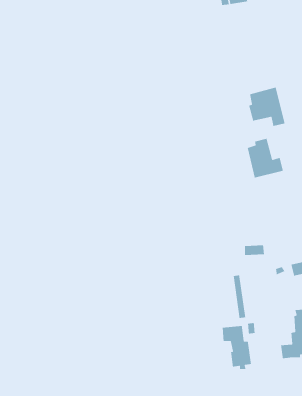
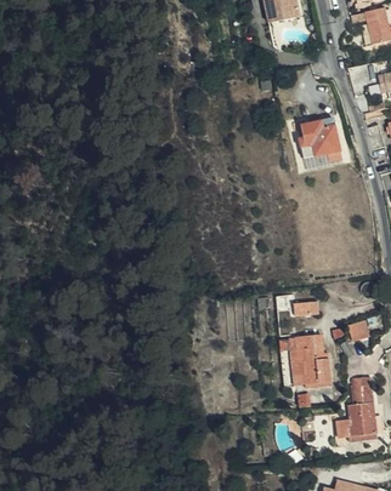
building: [247,138,284,179] -> none
building: [222,325,252,370] -> [295,333,330,386]

